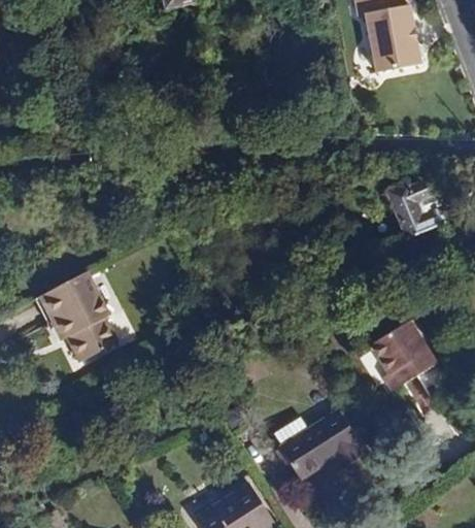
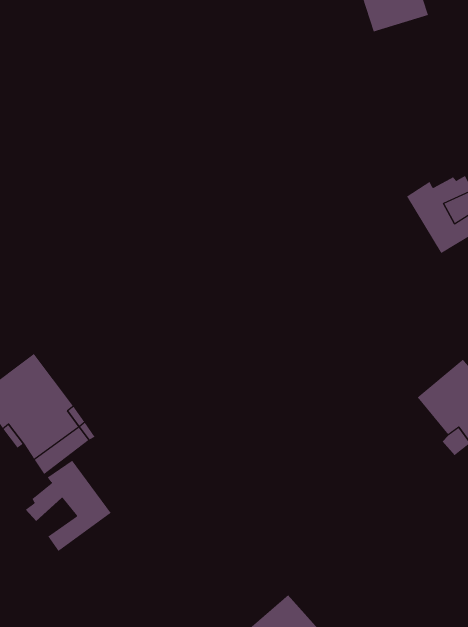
building: none -> [25,460,111,552]
building: [277,409,359,478] -> none

